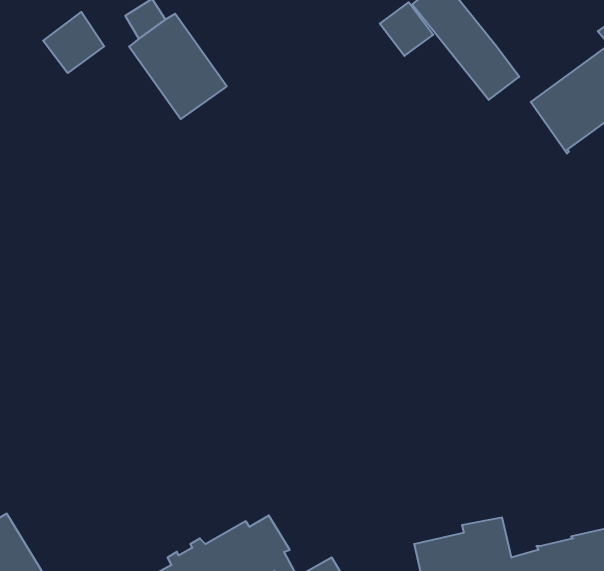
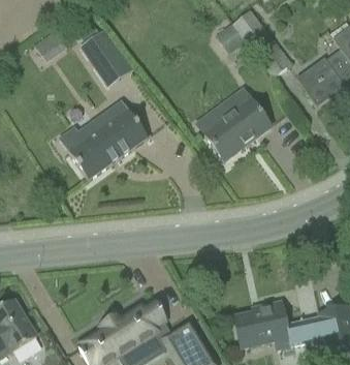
building: none -> [203,88,271,159]
building: none -> [68,100,148,179]

